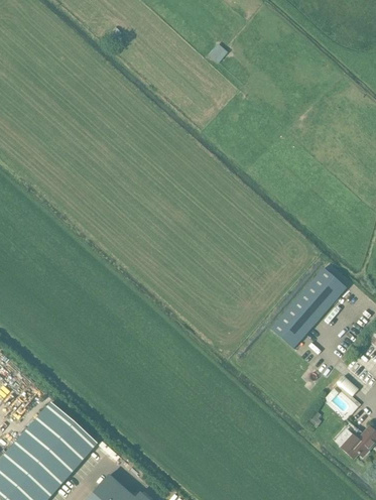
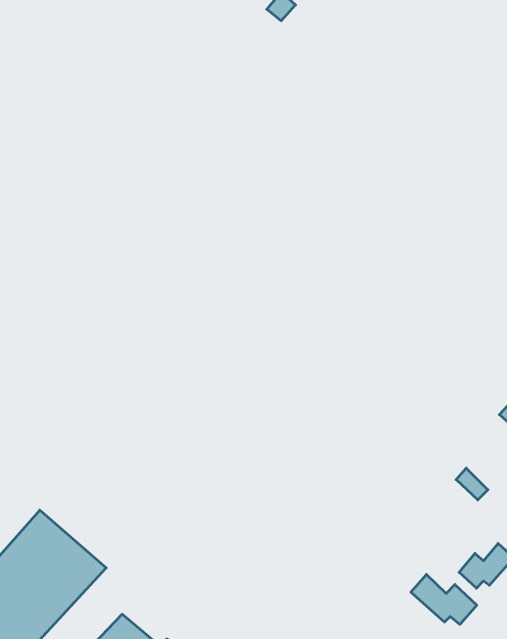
building: [271,267,347,348] -> none
building: none -> [411,574,477,624]

